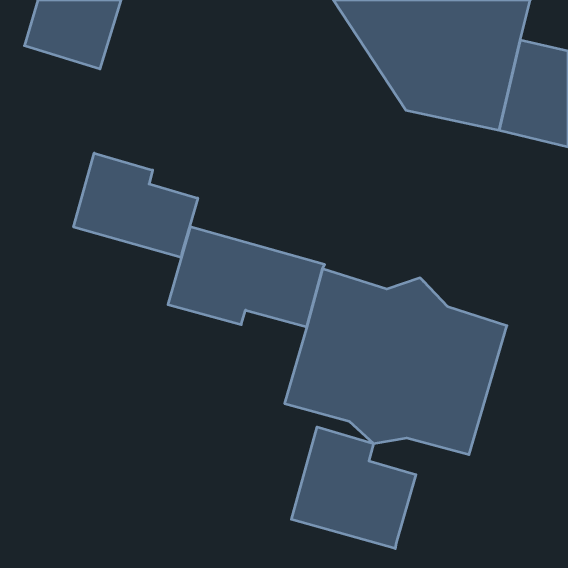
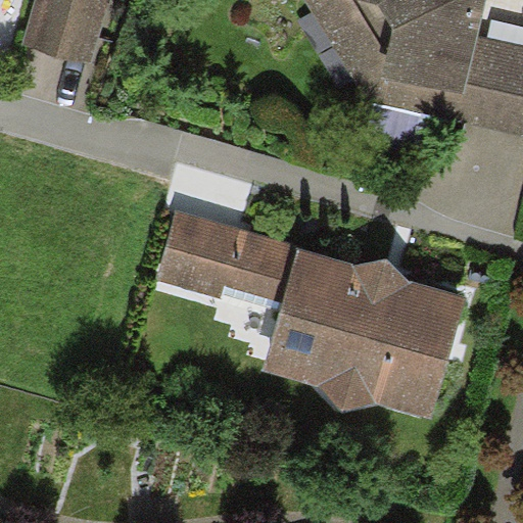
building: [74,153,198,257] -> none
building: [291,427,416,549] -> none

